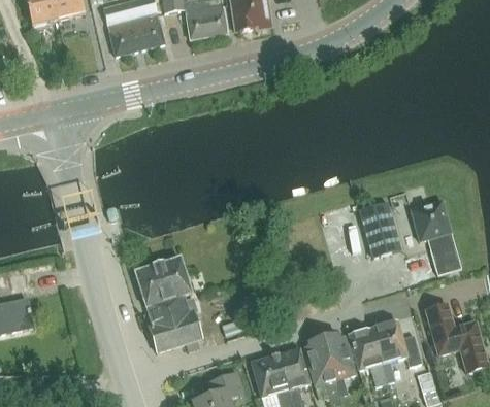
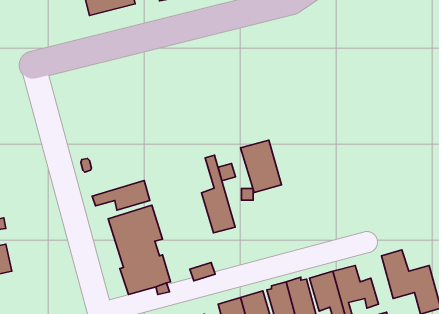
building: [410,198,461,274] -> none
building: [358,200,401,256] -> [241,140,282,193]
building: none -> [202,155,235,233]
building: none -> [92,181,150,210]

